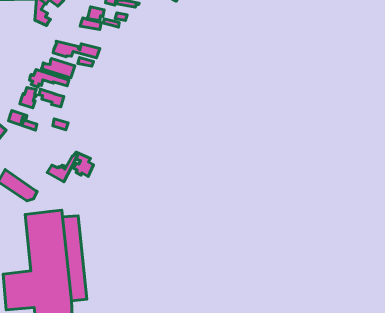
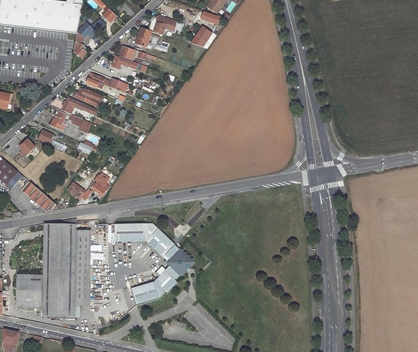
building: none -> [114,222,193,304]

